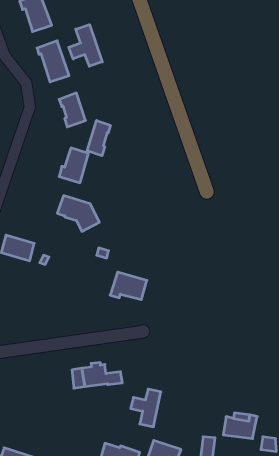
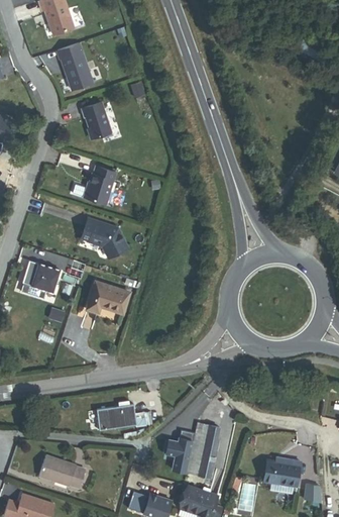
building: [69,25,102,66] -> none
building: [87,120,110,156] -> none
building: [110,272,147,300] -> [84,280,124,310]
building: none -> [187,423,219,478]
building: none -> [41,456,85,487]

